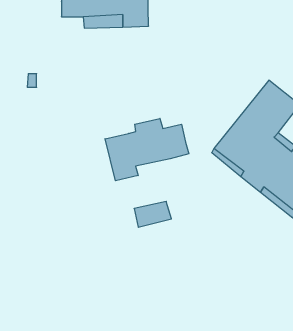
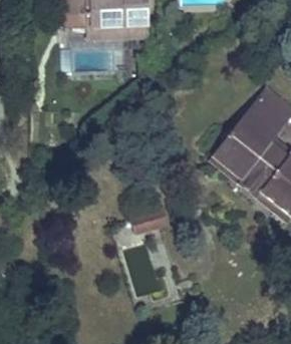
building: [105,118,189,181] -> none

